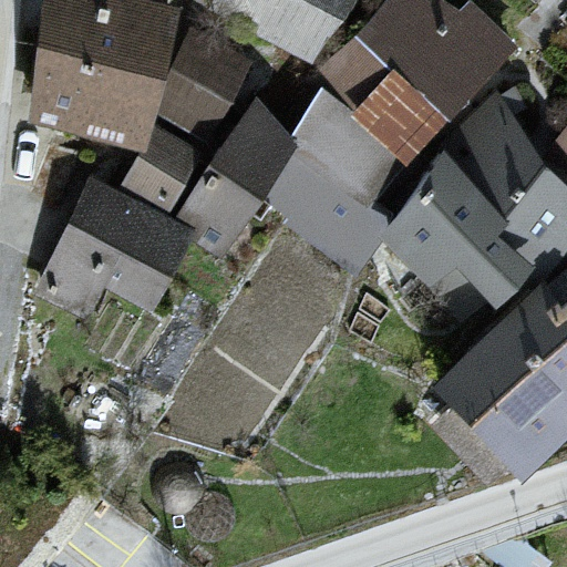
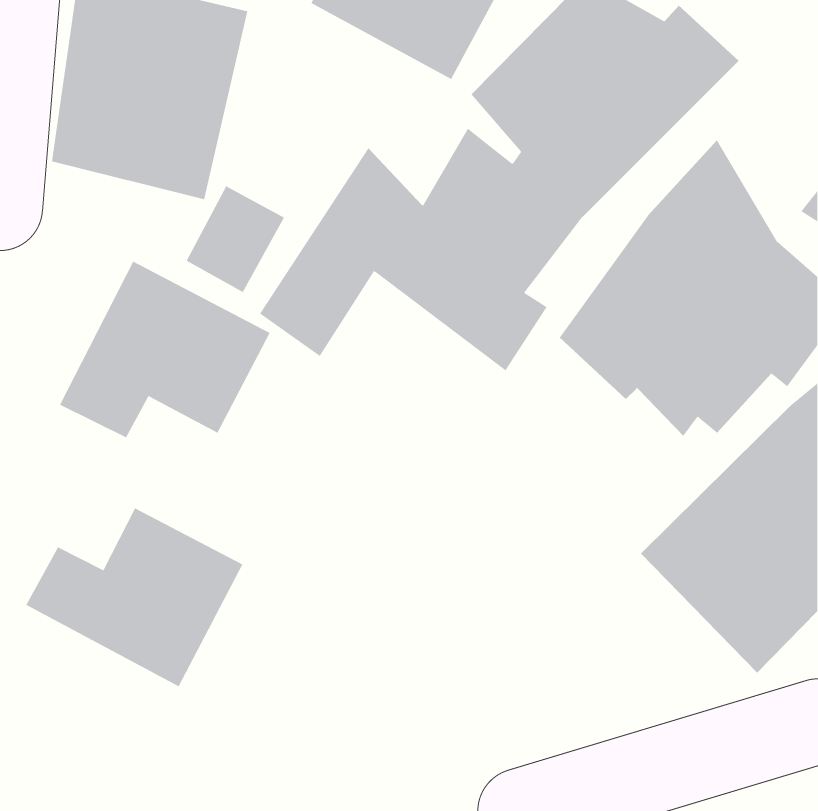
building: [155,31,248,132] -> none
building: none -> [25,507,243,687]

